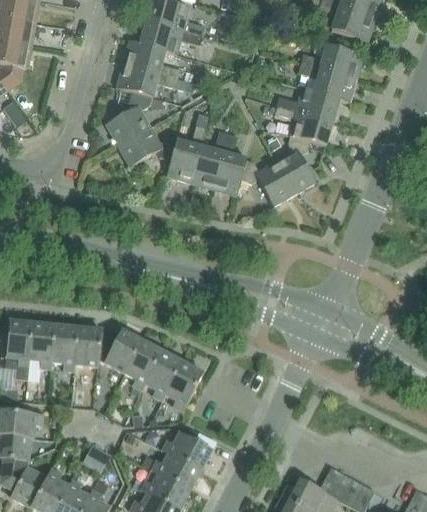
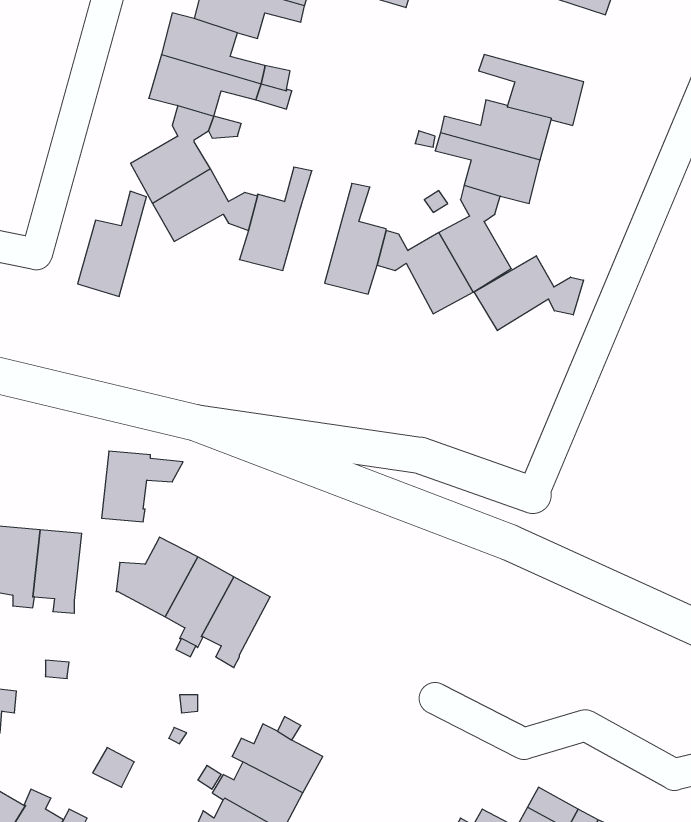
building: [300,45,362,78] -> none
building: [189,131,227,189] -> [78,191,146,296]
building: none -> [474,256,584,331]
building: [74,327,119,366] -> [102,451,183,522]
building: [165,362,203,411] -> none

